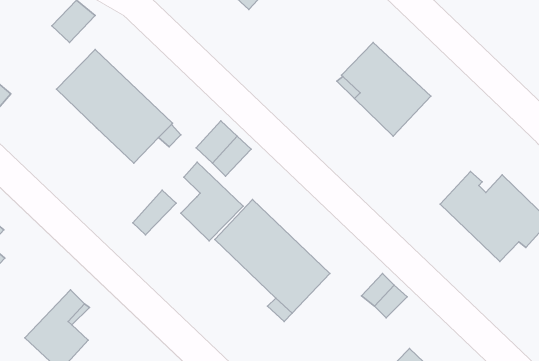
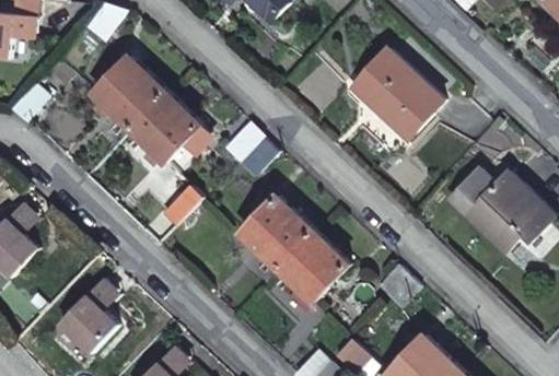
building: [181,162,243,241] -> none

